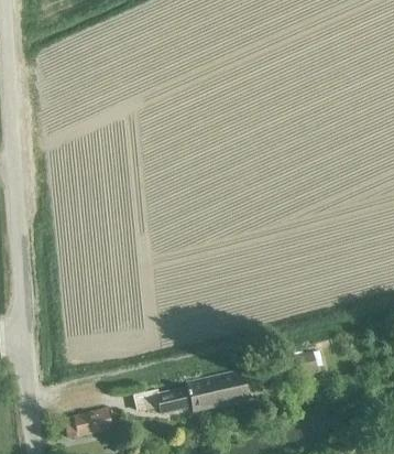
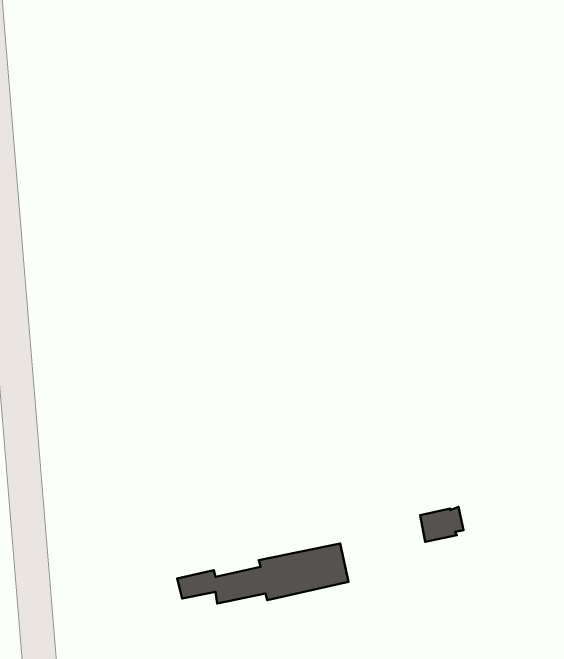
building: [66,407,112,437] -> none

